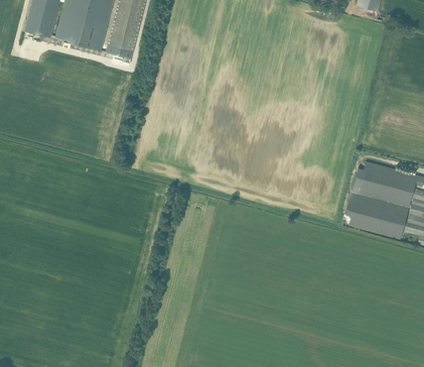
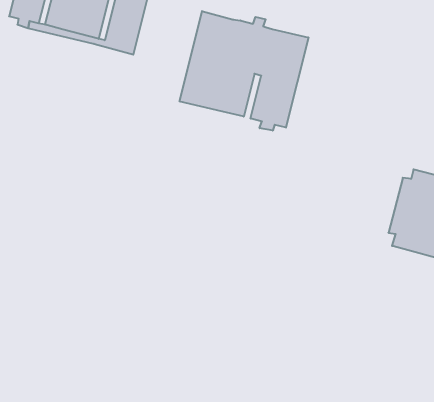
building: none -> [180,11,308,131]

